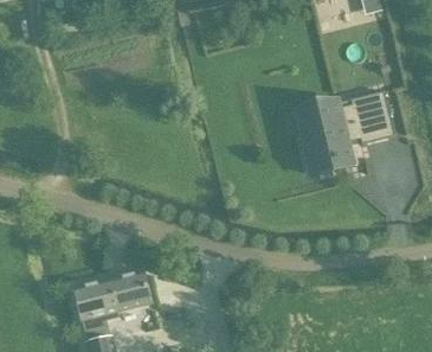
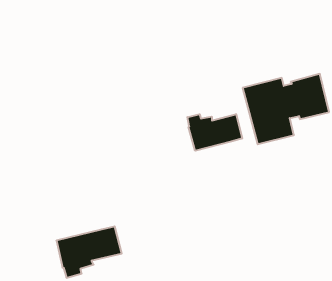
building: none -> [187,114,242,151]

